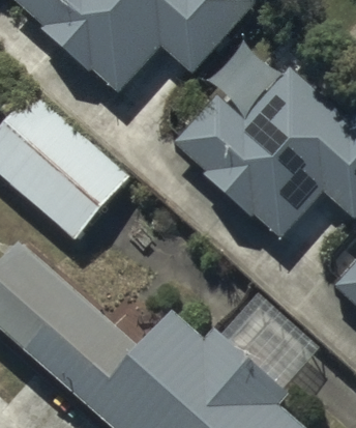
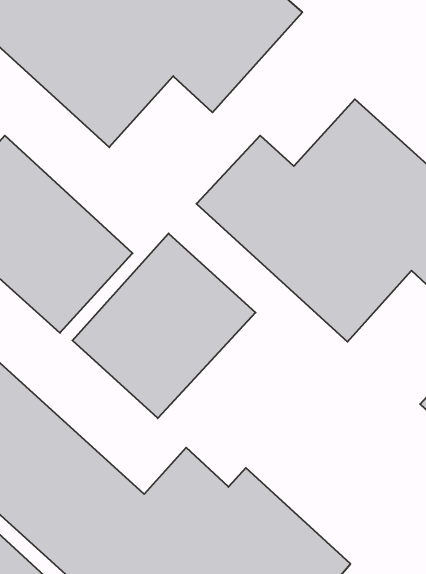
building: none -> [72,233,256,418]

